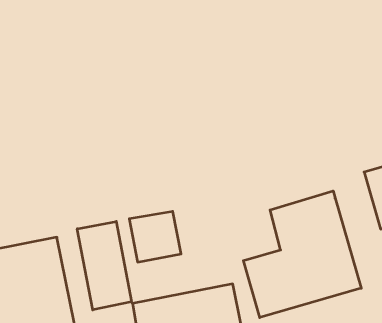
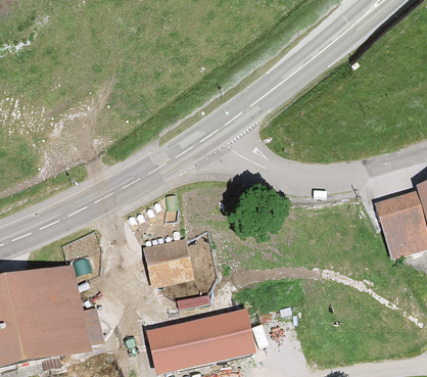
building: [243,191,361,318] -> none
building: [77,221,131,310] -> none

